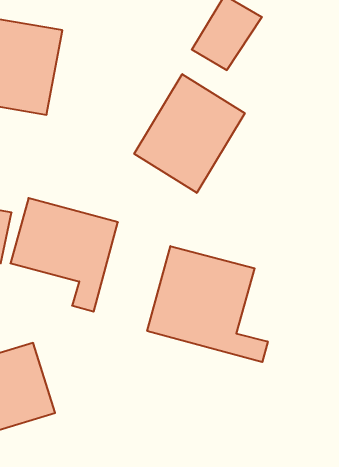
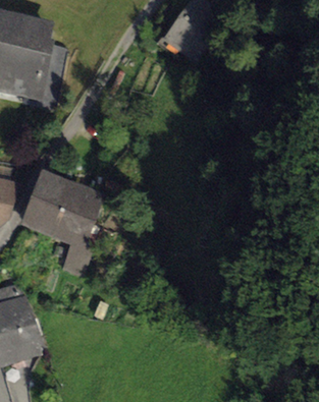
building: [134,74,245,193] -> none
building: [147,246,268,362] -> none

